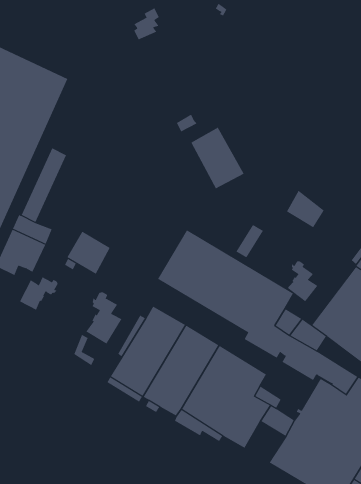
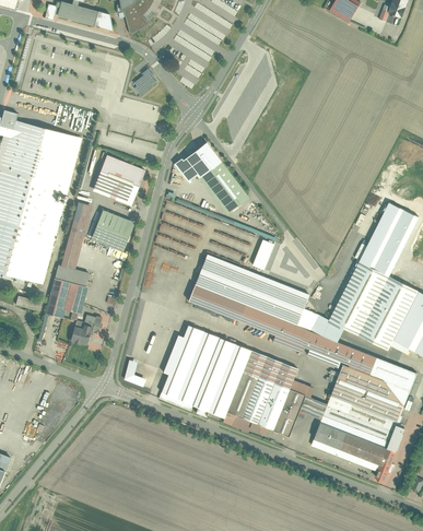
building: none -> [93,155,144,206]
building: [286,190,325,228] -> none
building: [66,231,111,274] -> [94,212,131,248]
building: [287,260,318,302] -> none
building: [86,291,122,344] -> none

